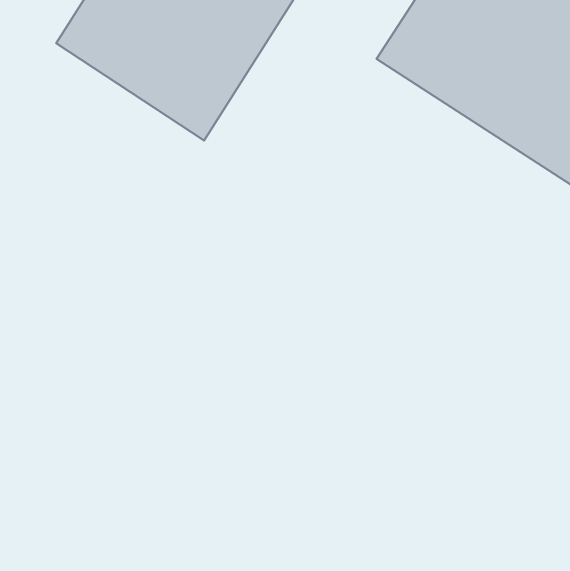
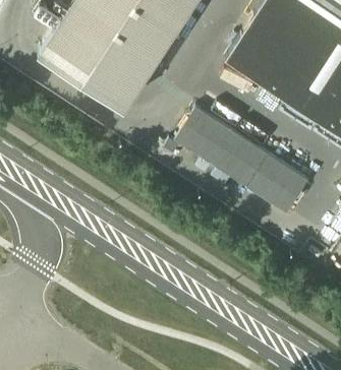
building: none -> [175,106,309,212]

